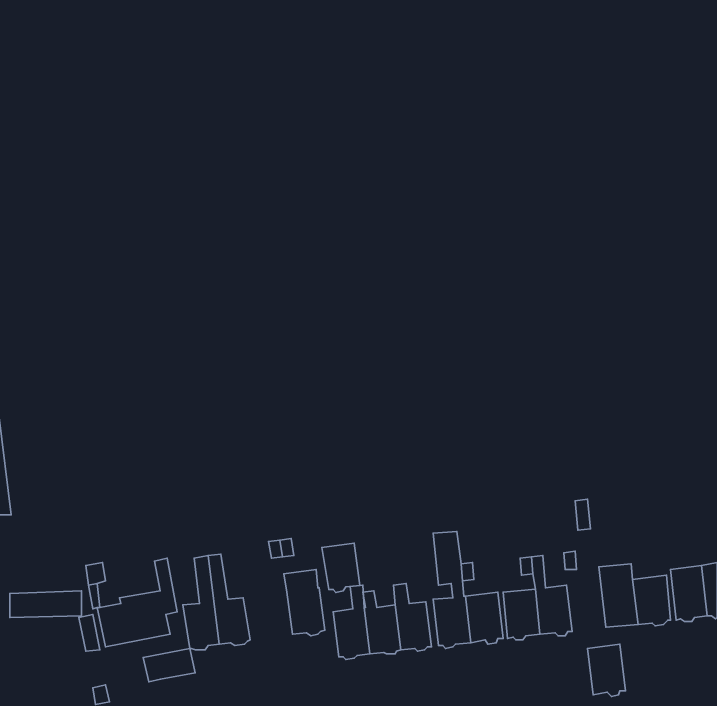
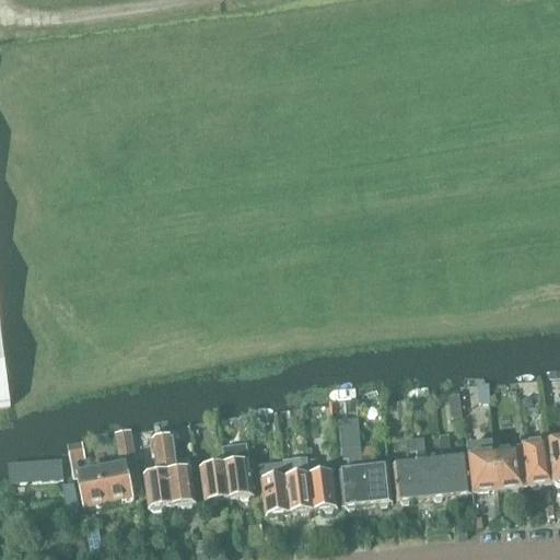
building: [322,543,360,592] -> [198,460,228,499]
building: [587,644,625,696] -> [441,452,470,492]
building: [143,648,195,682] -> none

